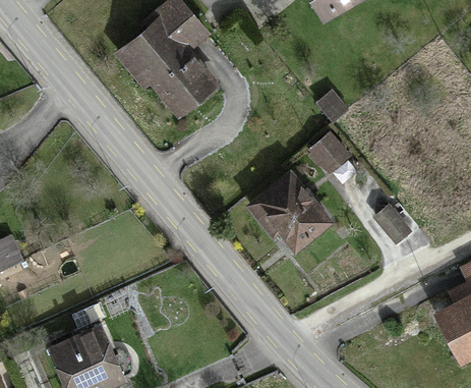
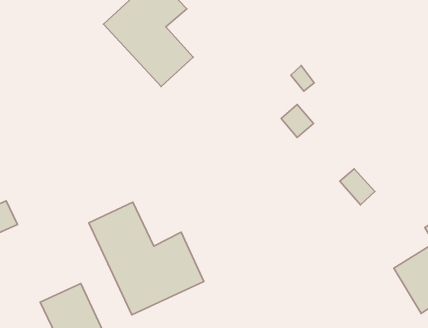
building: [245,169,328,246] -> none
building: none -> [89,202,204,315]

